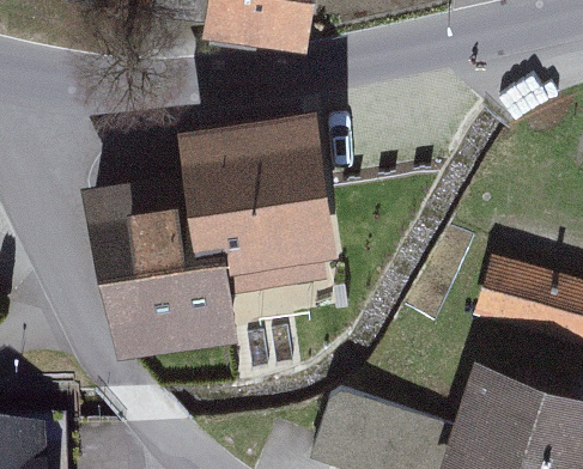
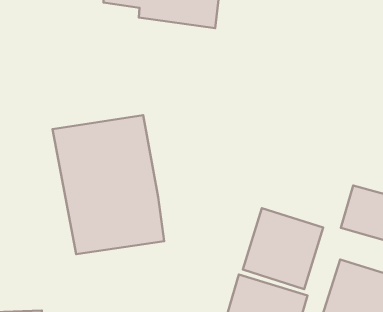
building: [202,117,322,279] -> none
building: none -> [243,208,323,289]

